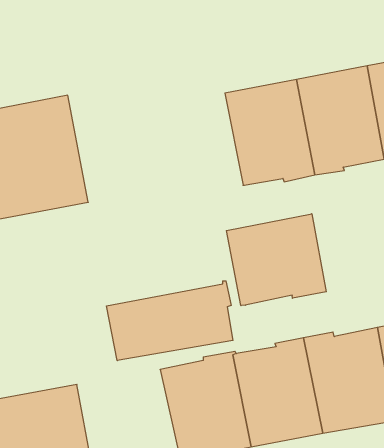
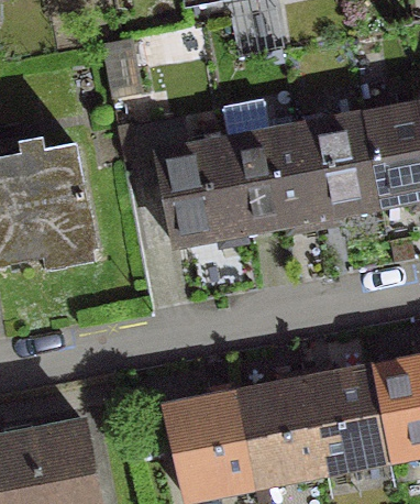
building: none -> [154,142,245,245]
building: [226,214,326,306] -> none
building: [107,281,233,361] -> none

